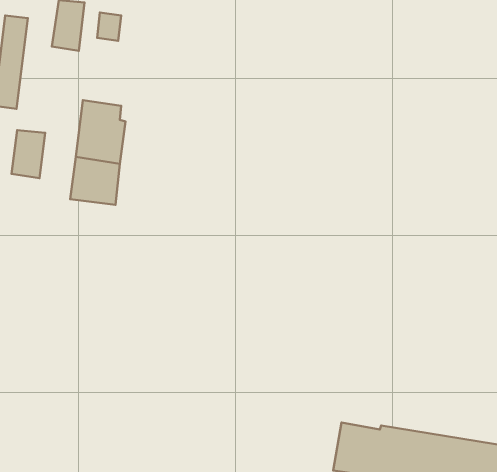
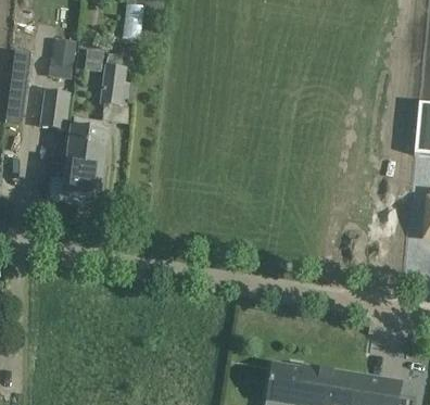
building: none -> [101,53,128,105]
building: [11,130,45,178] -> [41,90,67,127]

